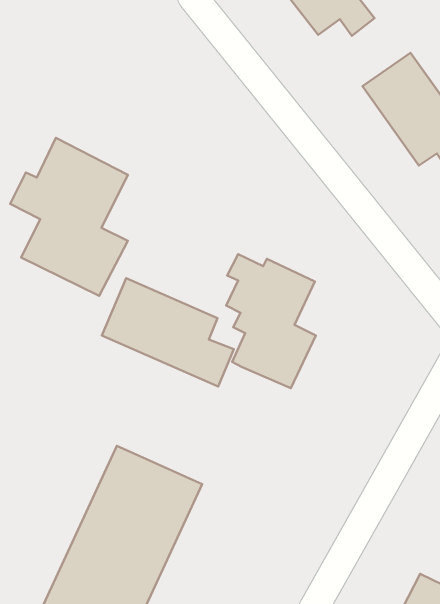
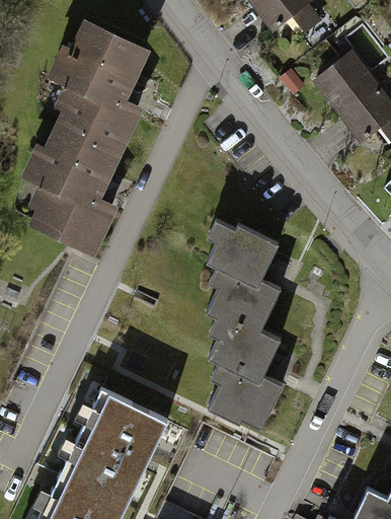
building: none -> [57,26,143,154]
building: [102,278,234,386] -> none
building: none -> [205,316,278,432]

